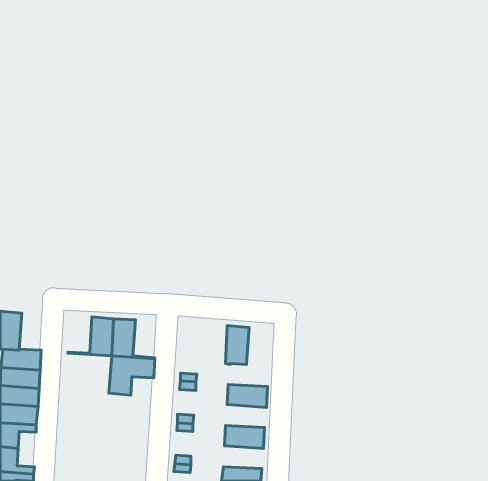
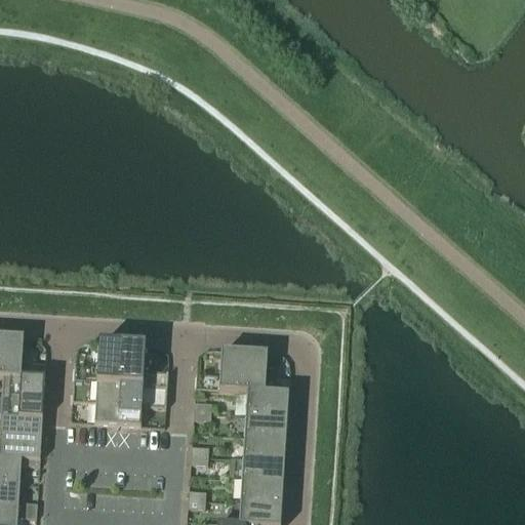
building: none -> [218,349,244,391]
building: none -> [72,379,120,422]
building: none -> [245,391,288,415]
building: none -> [242,435,286,459]
building: none -> [240,479,283,503]

